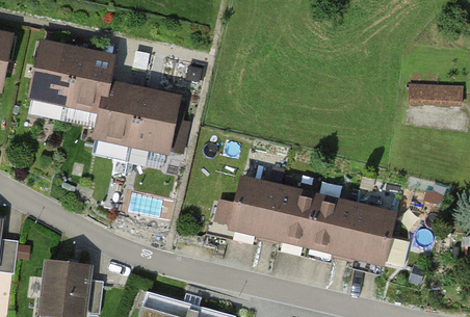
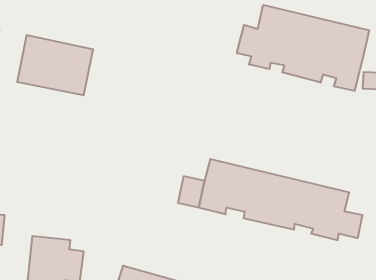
building: none -> [237,5,369,91]
building: [98,84,179,150] -> none

